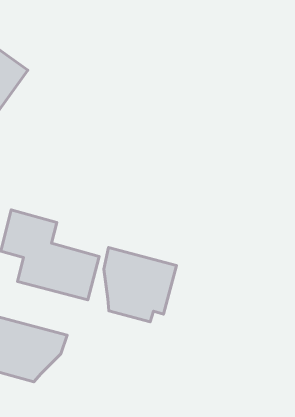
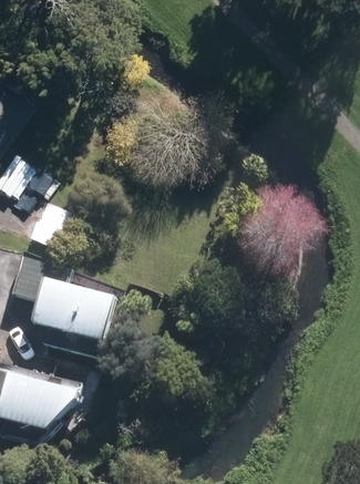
building: [104,247,177,322] -> none

